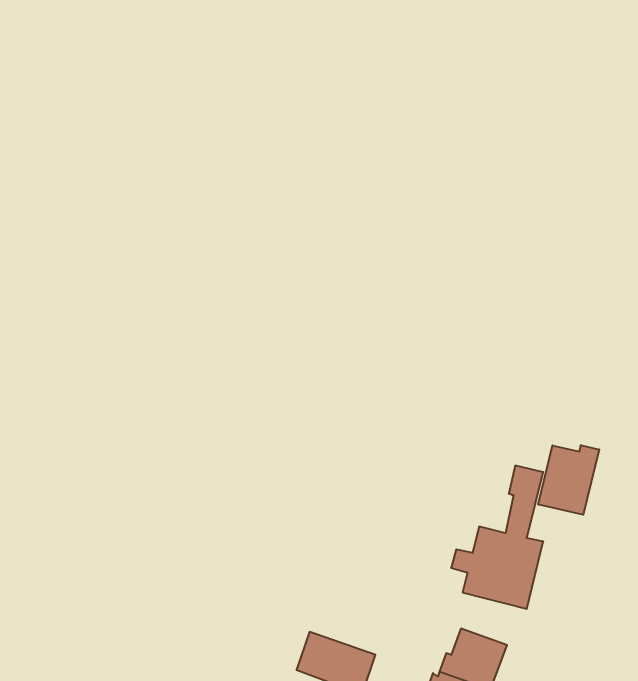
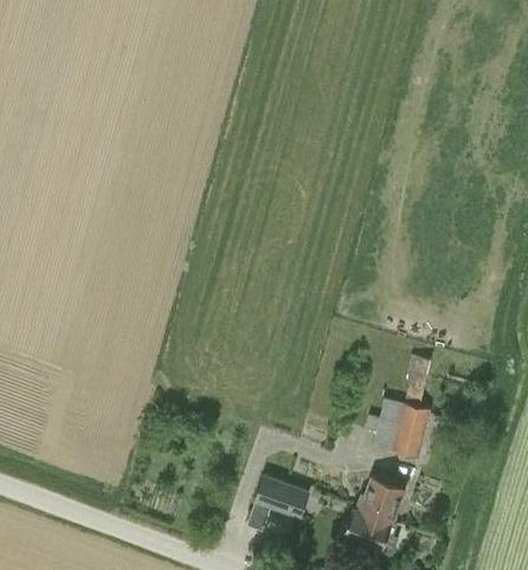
building: [538,445,599,515] -> none

